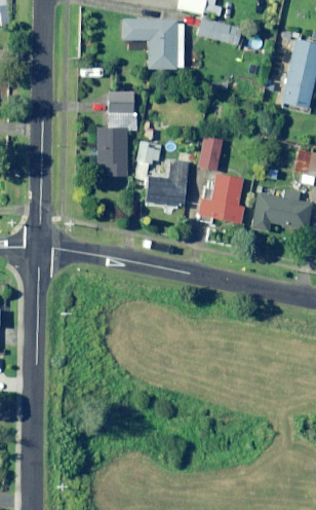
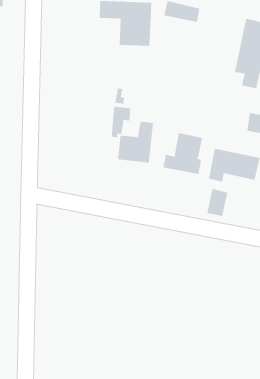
building: [94,90,140,175] -> none
building: [198,135,223,170] -> none
building: none -> [207,188,228,217]

